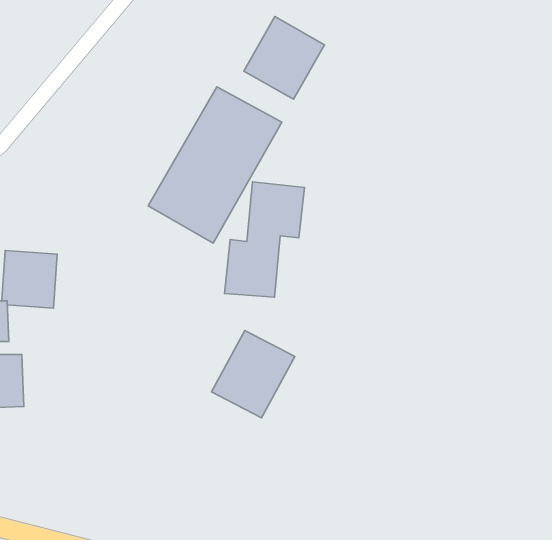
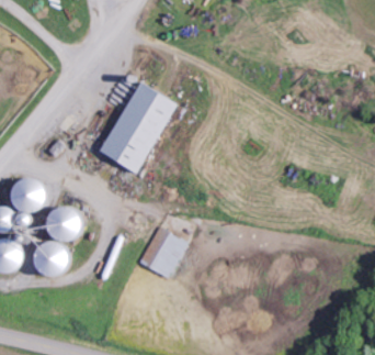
building: [244,16,325,99] -> none
building: [225,182,304,297] -> [37,208,84,276]

